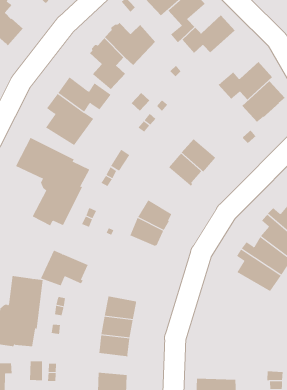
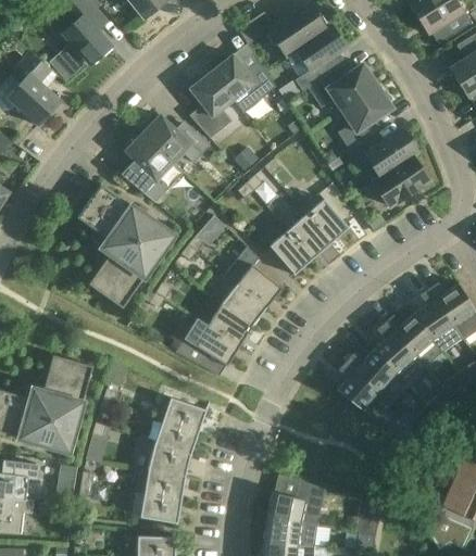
building: none -> [338,87,393,150]
building: none -> [306,199,350,243]
building: none -> [225,247,283,306]
building: [40,250,88,286] -> [176,319,239,367]
building: none -> [267,475,326,526]
building: none -> [145,468,186,501]

